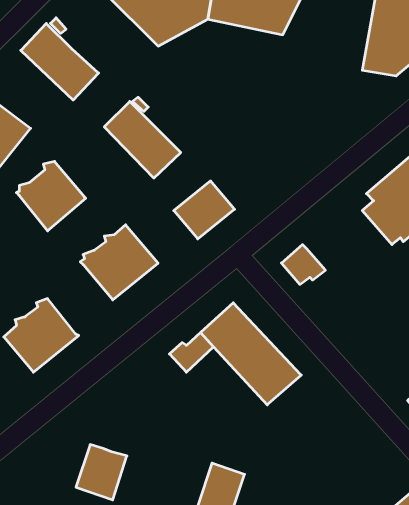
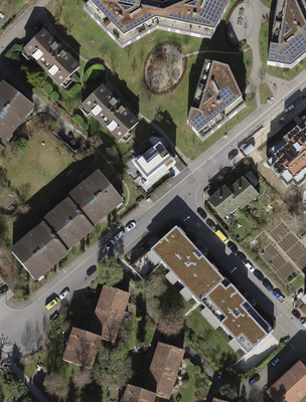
building: none -> [187,59,245,139]
building: [16,161,86,231] -> [41,200,91,249]
building: none -> [227,176,259,205]
building: none -> [200,276,273,351]
building: none -> [89,284,128,340]

